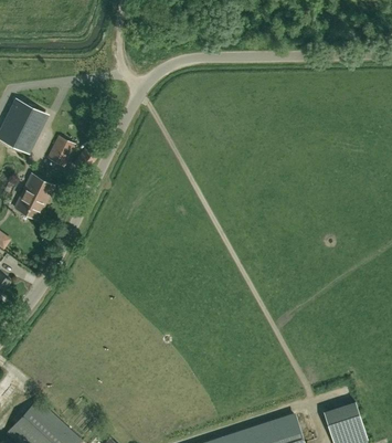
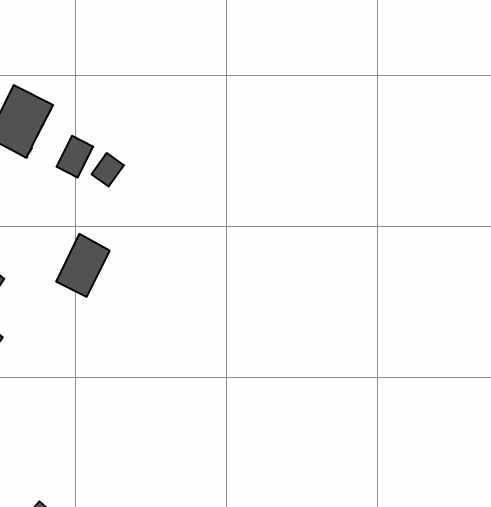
building: [14,173,53,219] -> [56,234,110,297]

